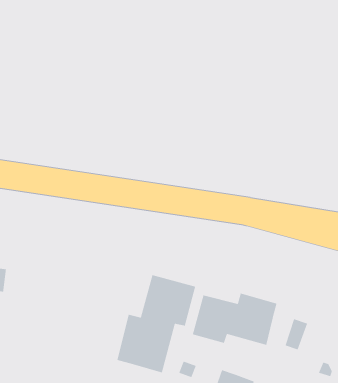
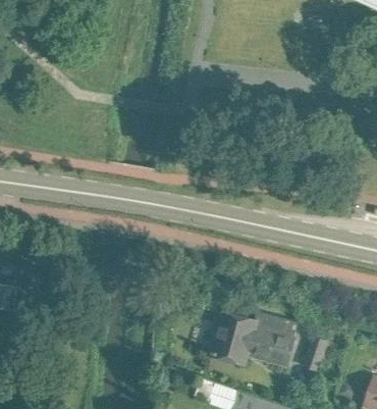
building: [116,274,196,374] -> none

